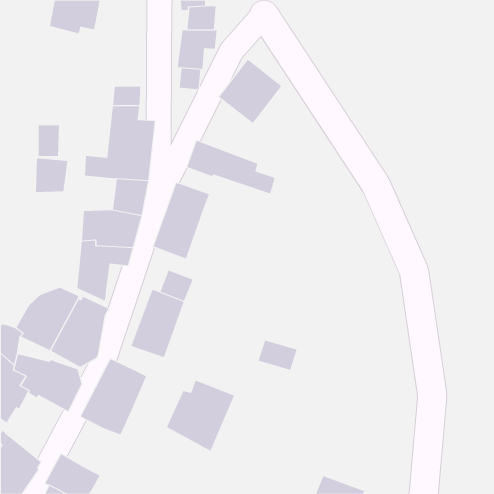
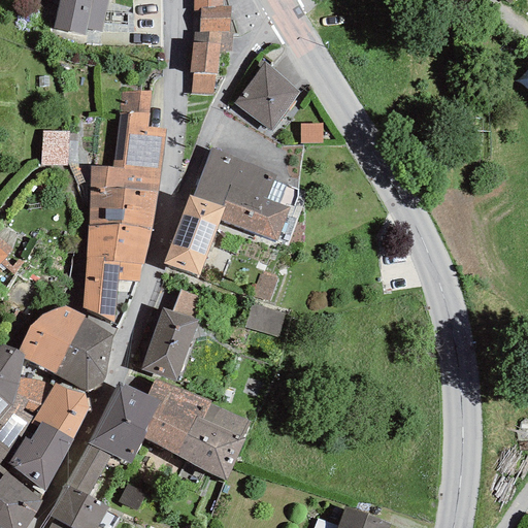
building: [35,158,68,193] -> [89,188,124,225]
building: none -> [193,178,289,240]
building: [258,340,298,371] -> [243,304,286,337]
building: none -> [141,380,210,456]
building: none -> [7,422,73,493]
building: none -> [65,444,109,497]

